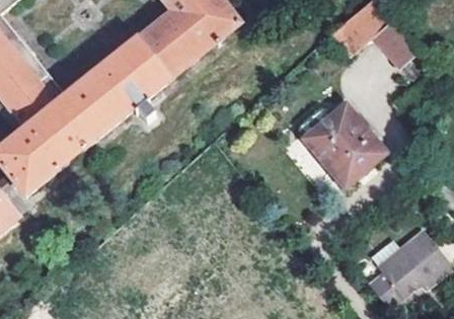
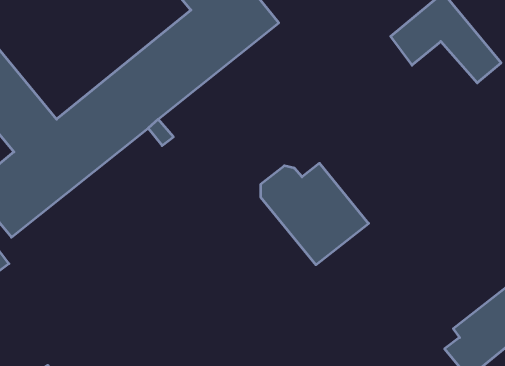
building: [300,104,387,186] -> [261,163,369,265]

